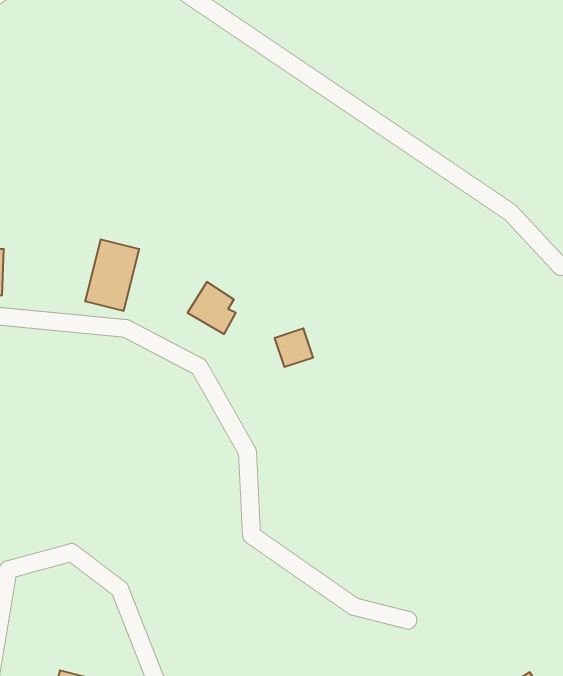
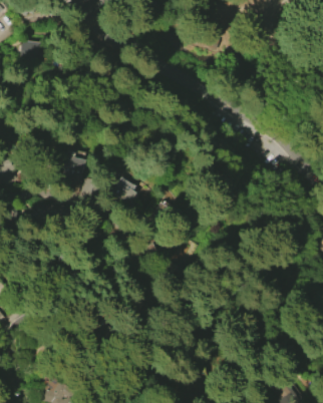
building: none -> [20,42,42,62]

